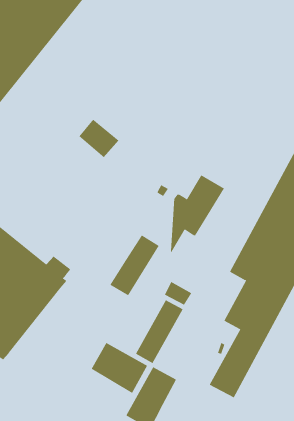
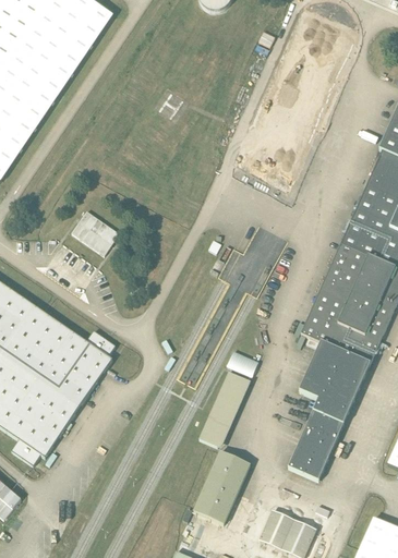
building: [79,119,119,158] -> [72,209,120,254]
building: [110,234,159,296] -> none
building: [91,342,148,394] -> none

